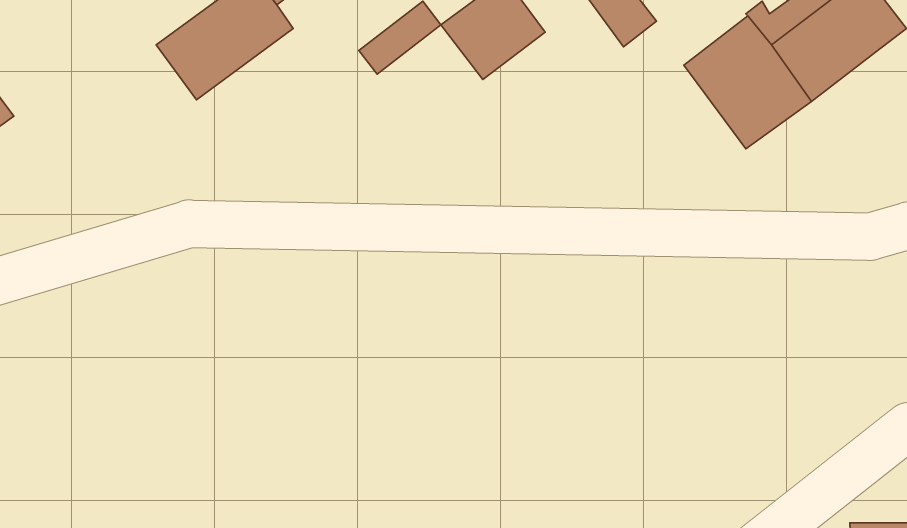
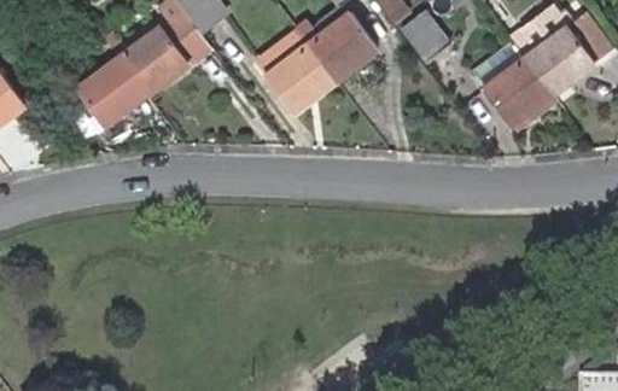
building: none -> [266,45,336,115]
building: none -> [77,58,146,126]

